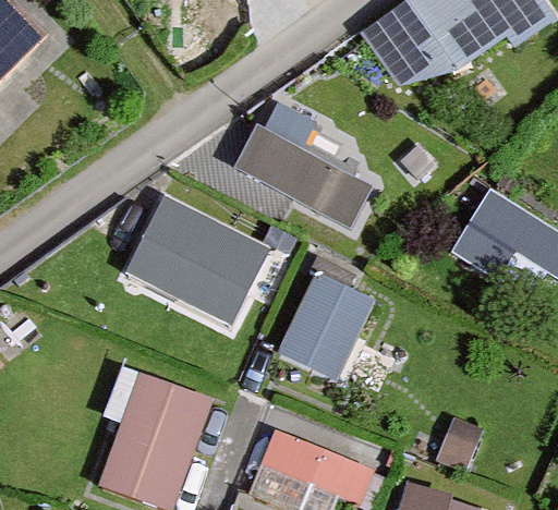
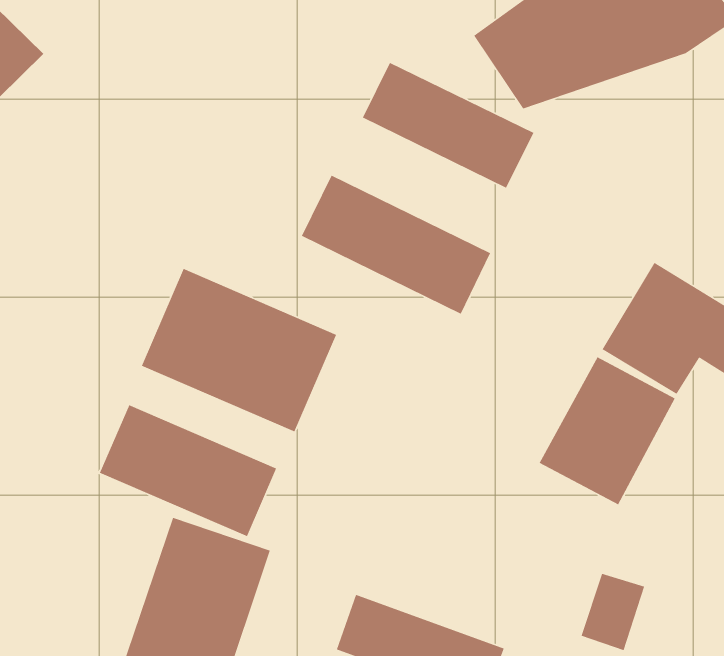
building: none -> [362,62,534,189]
building: [279,275,378,382] -> [538,356,676,505]
building: none -> [99,404,277,537]

